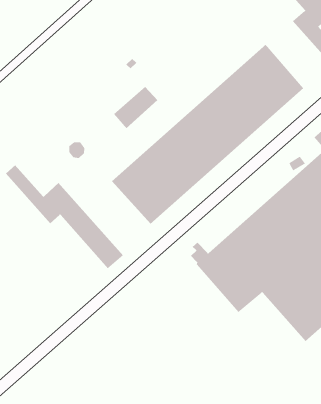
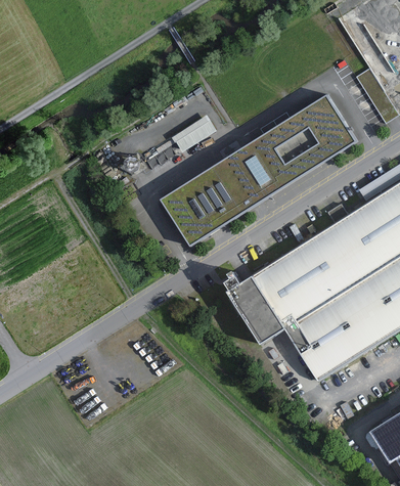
building: [5,164,124,269] -> none

